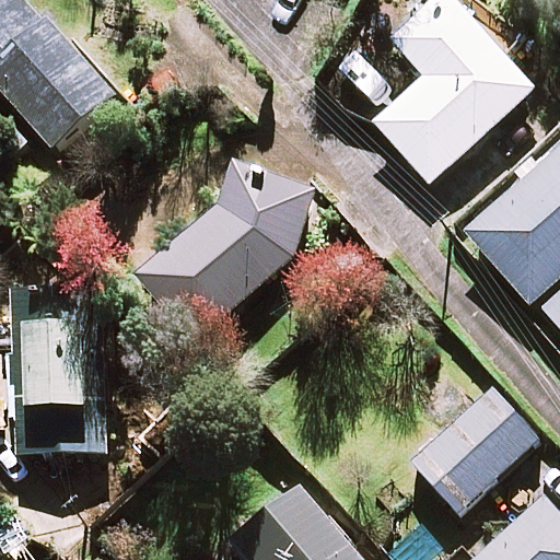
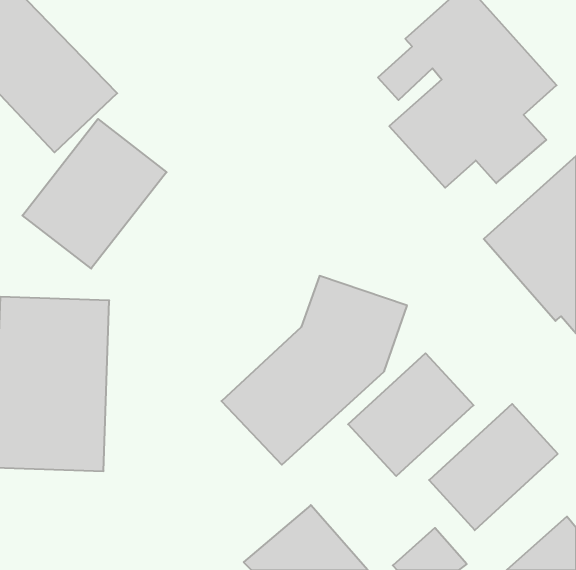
building: none -> [22,119,167,269]
building: [138,161,316,342] -> [221,276,407,465]
building: none -> [348,353,474,476]

